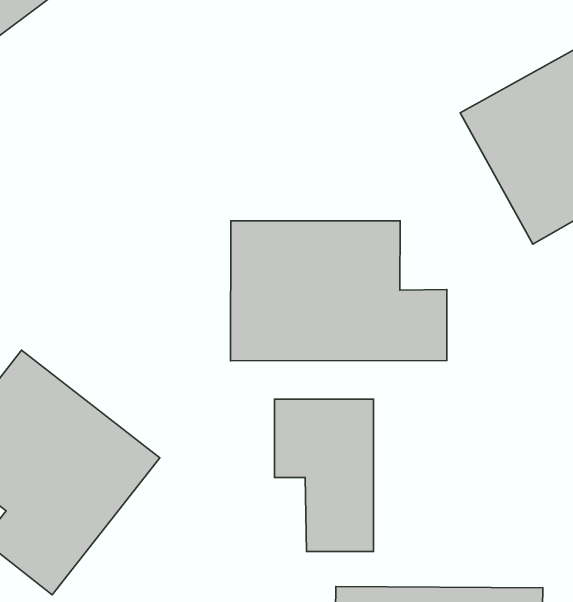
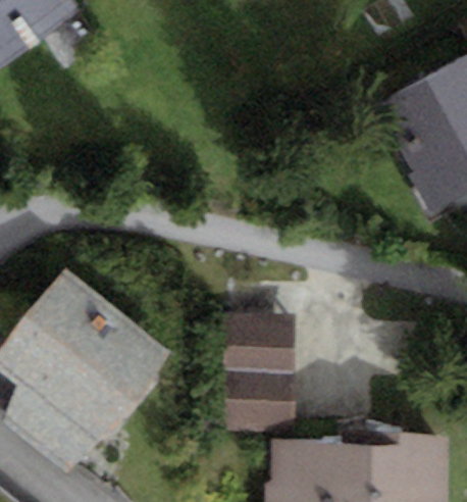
building: [230,221,447,361] -> none

